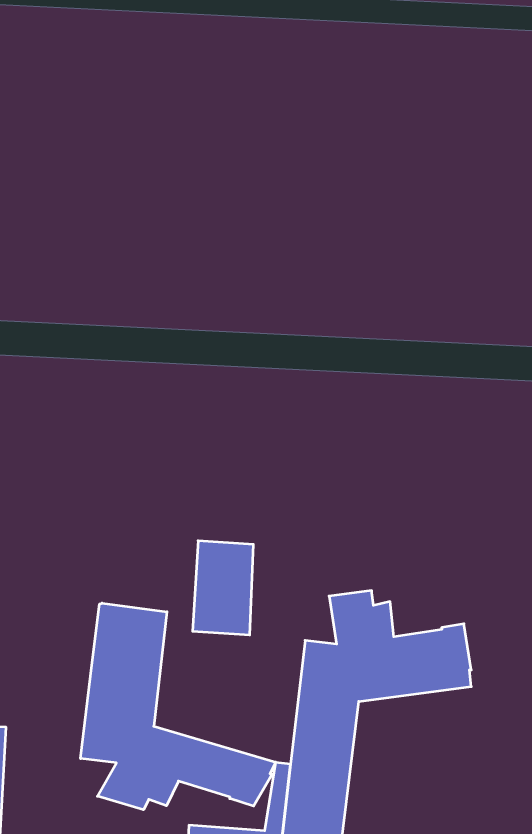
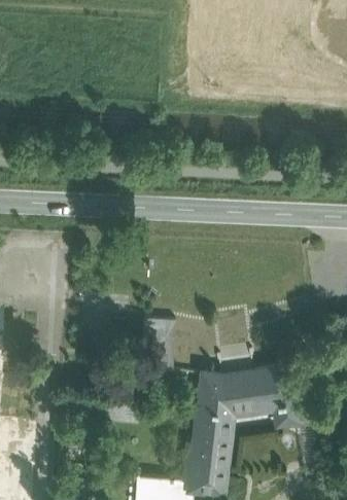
building: [81,603,276,810] -> none

